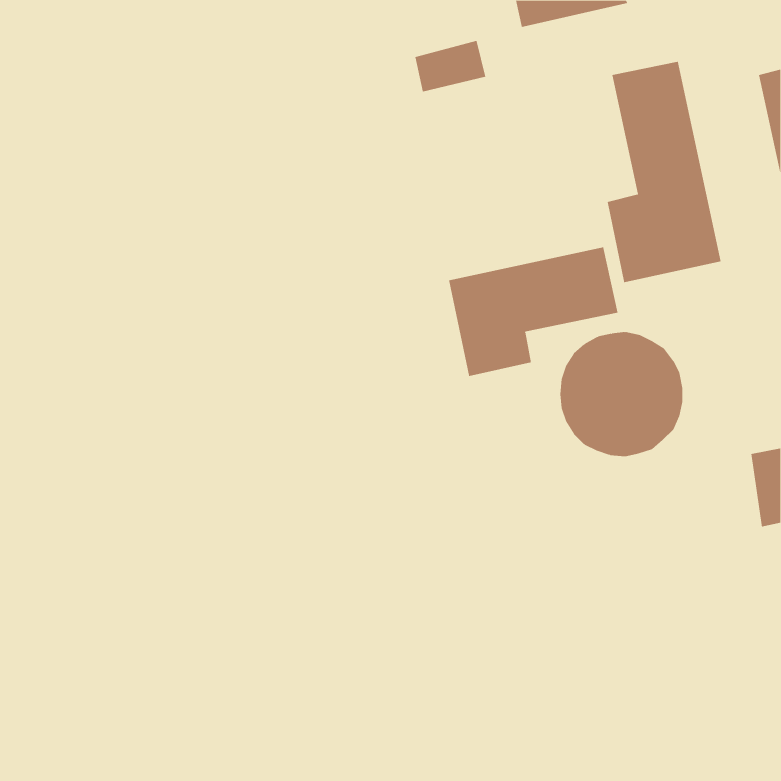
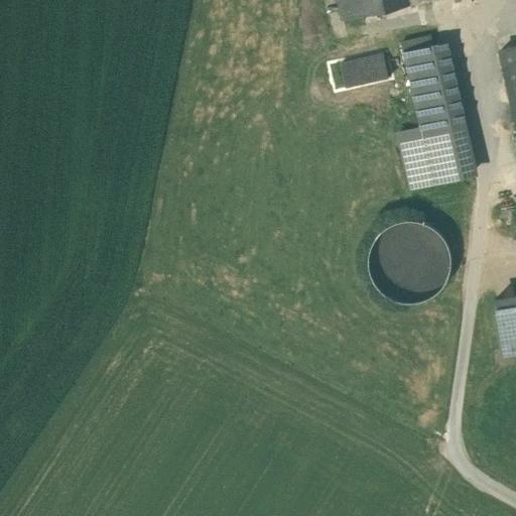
building: [414,40,486,92] -> [341,52,388,87]
building: [449,247,618,377] -> none

